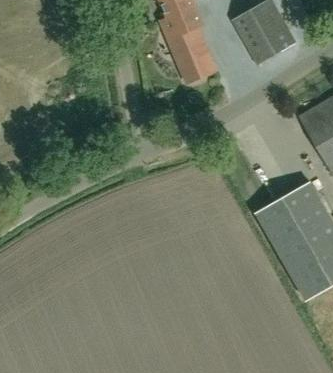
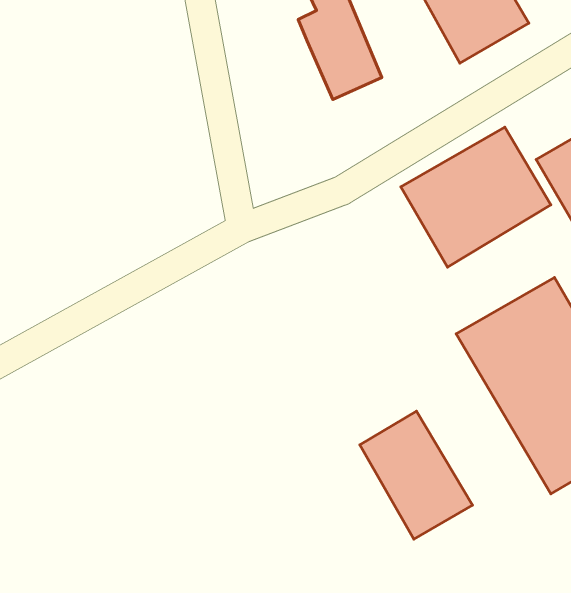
building: none -> [401,127,551,267]
building: none -> [360,411,473,539]

